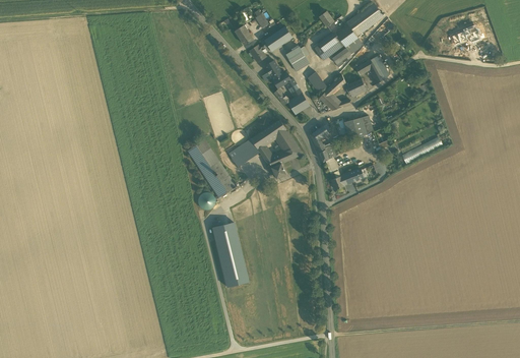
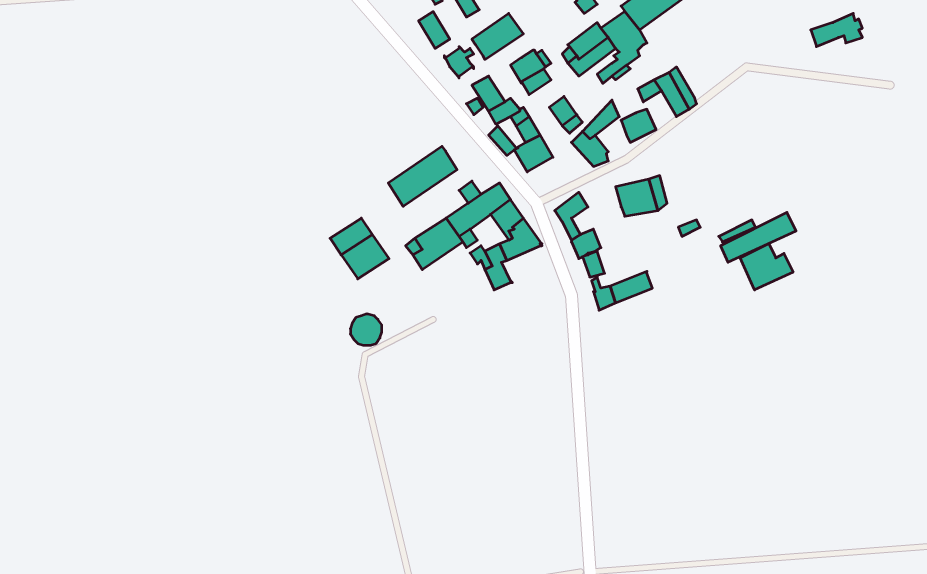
building: none -> [388,146,457,206]
building: none -> [740,243,793,290]
building: [202,162,236,198] -> none
building: [212,223,249,287] -> none

